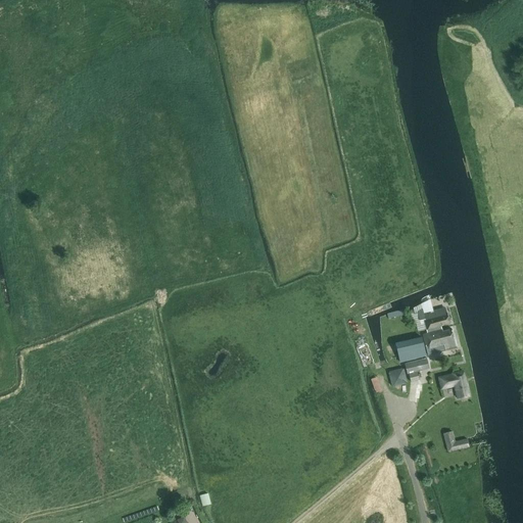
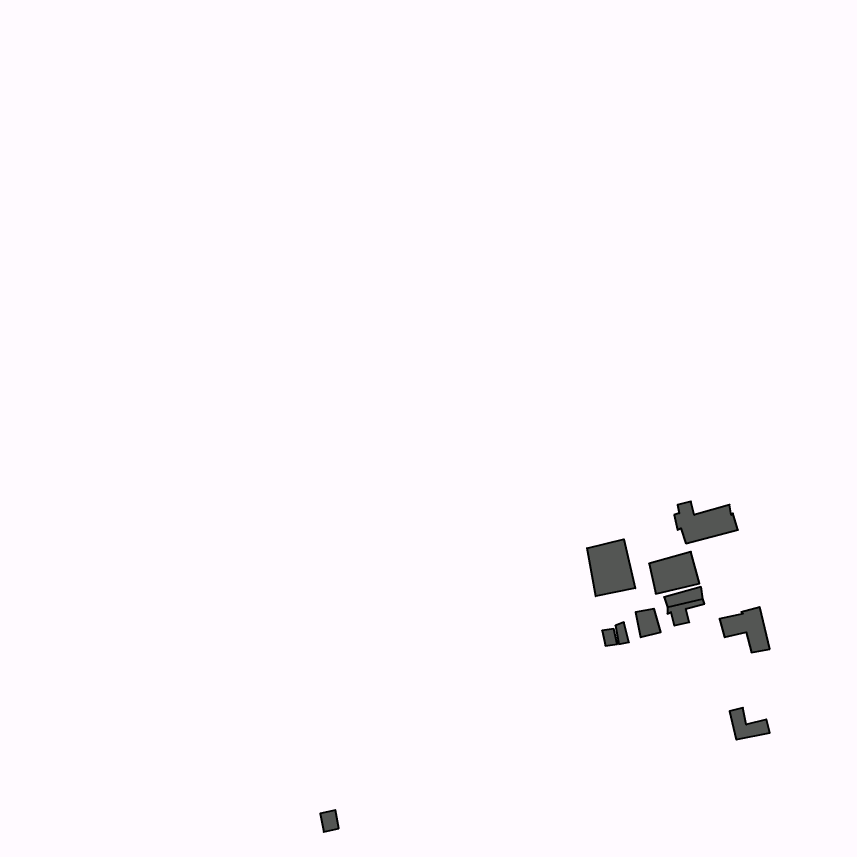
building: none -> [587,539,635,596]
building: [423,329,456,354] -> none

